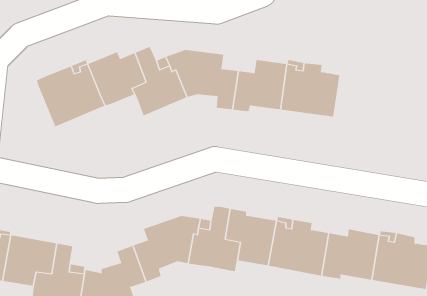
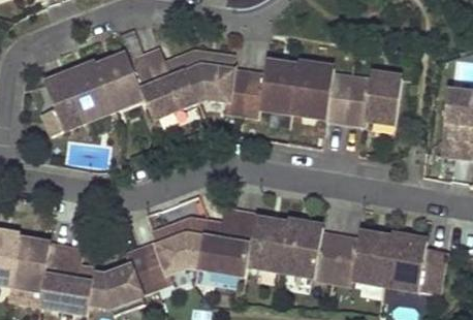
building: none -> [346,72,403,123]

